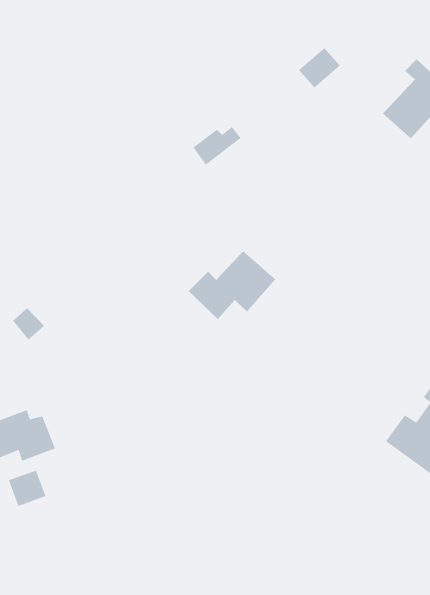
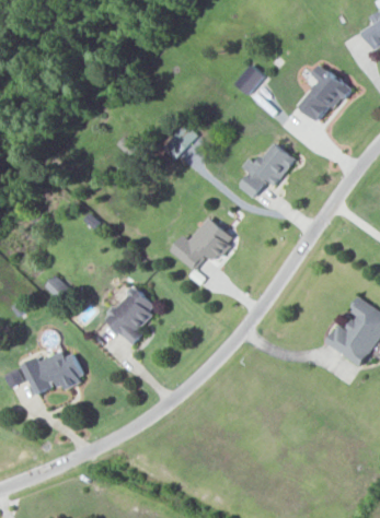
building: none -> [240,140,296,198]
building: none -> [104,285,158,345]
building: [8,470,46,507] -> none

